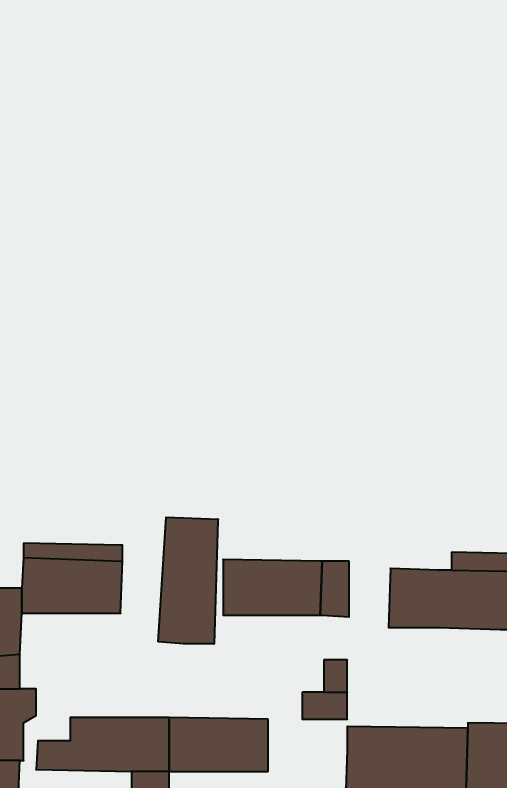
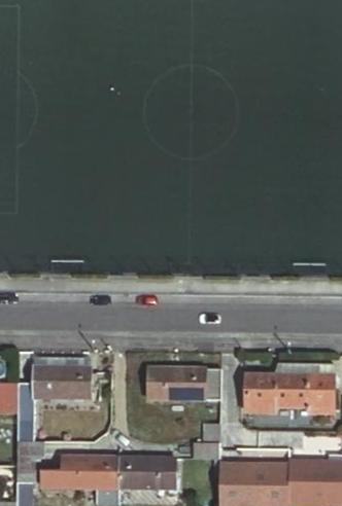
building: [158,517,218,644] -> none

